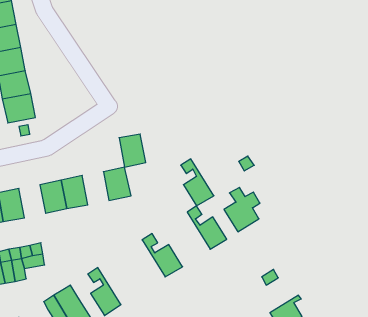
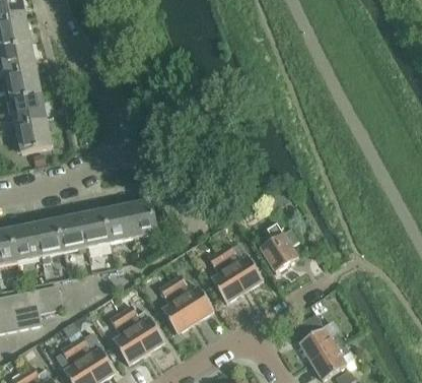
building: [119,134,146,167] -> [102,205,132,242]
building: [181,159,214,206] -> [207,250,243,302]
building: none -> [32,219,62,256]
building: none -> [157,280,194,333]
building: none -> [120,304,163,352]
building: none -> [298,327,341,361]

